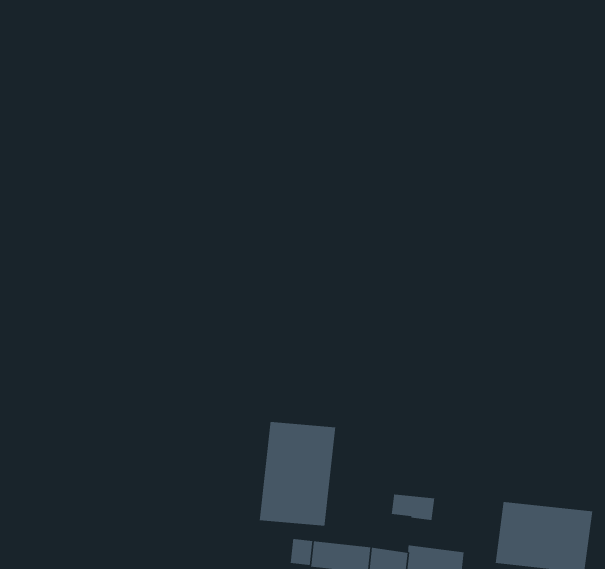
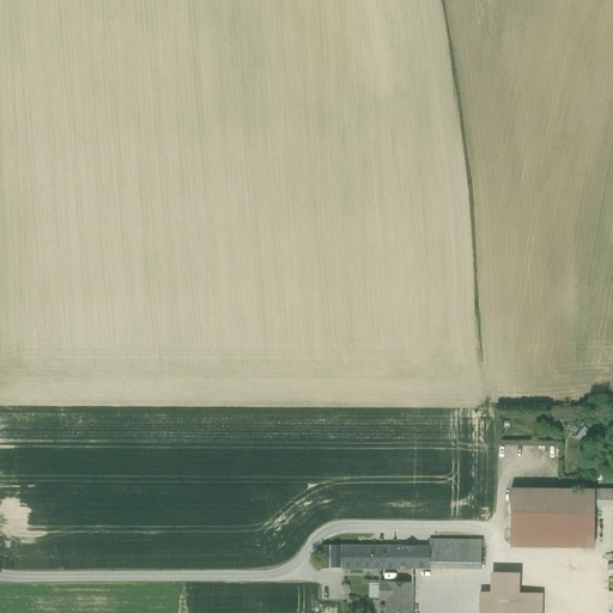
building: [259,421,336,526] -> none
building: [391,494,435,521] -> none

